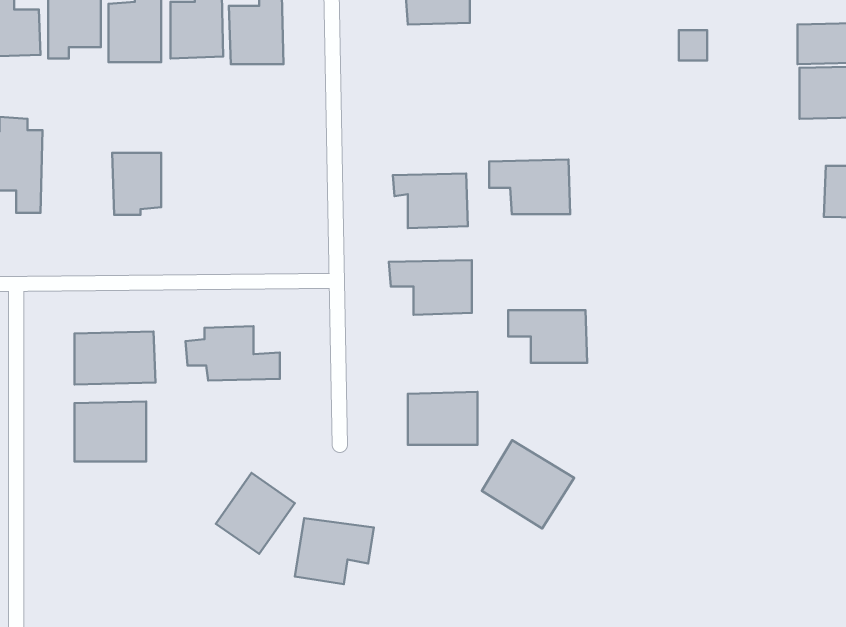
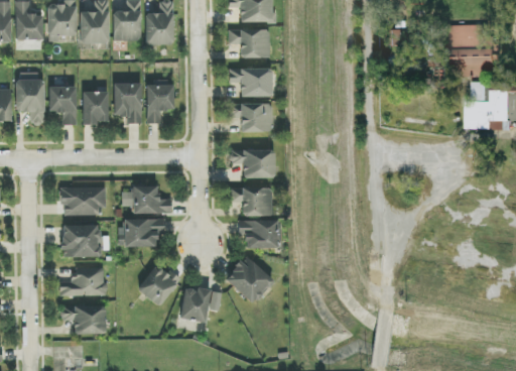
building: none -> [229,28,269,57]
building: none -> [113,82,142,123]
building: none -> [146,84,173,123]
building: none -> [48,86,77,125]
building: [489,160,570,214] -> [229,67,272,96]
building: [508,310,587,363] -> [230,187,272,215]
building: none -> [124,218,164,246]
building: [482,440,574,529] -> [224,255,273,302]
building: none -> [58,267,105,295]
building: none -> [61,304,106,333]

